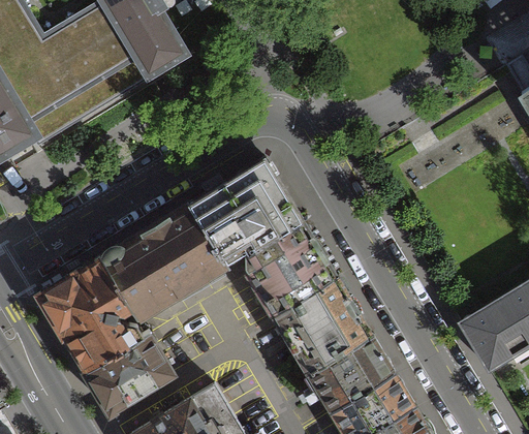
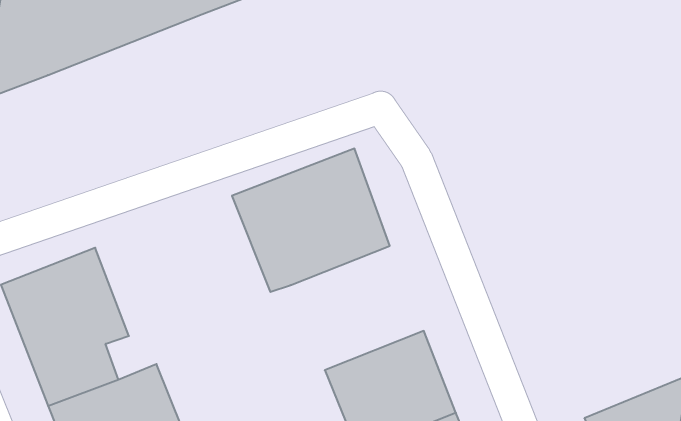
building: [96,208,224,323] -> none
building: [238,224,337,319] -> none

